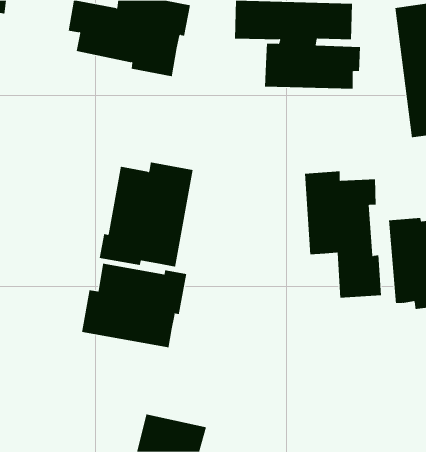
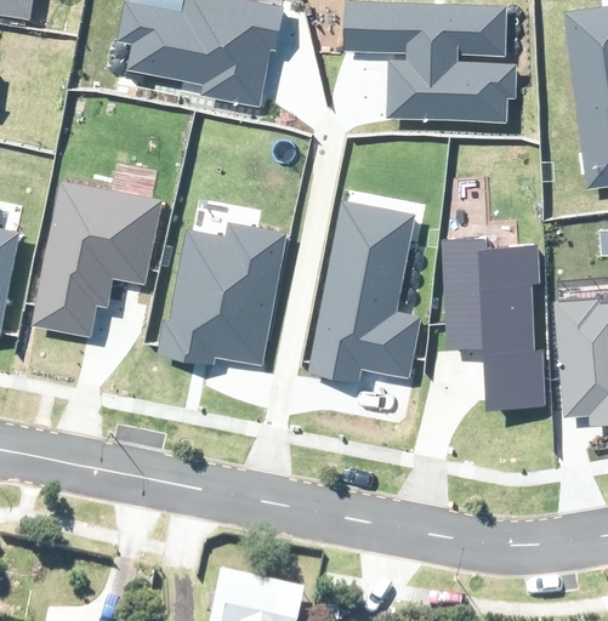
building: none -> [32,180,163,336]
building: none -> [307,200,420,383]
building: [82,263,187,348] -> none

